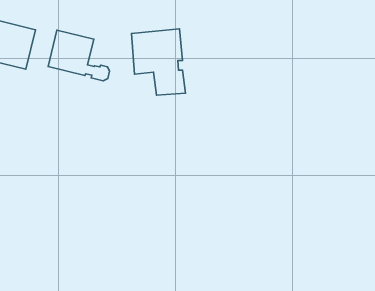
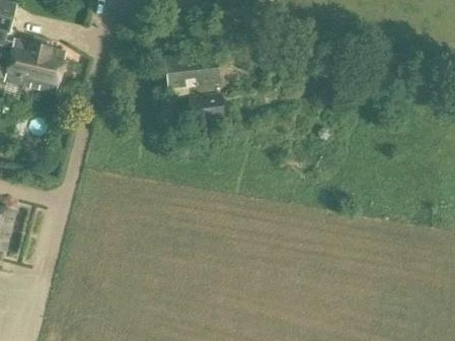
building: [48,30,110,81] -> none

